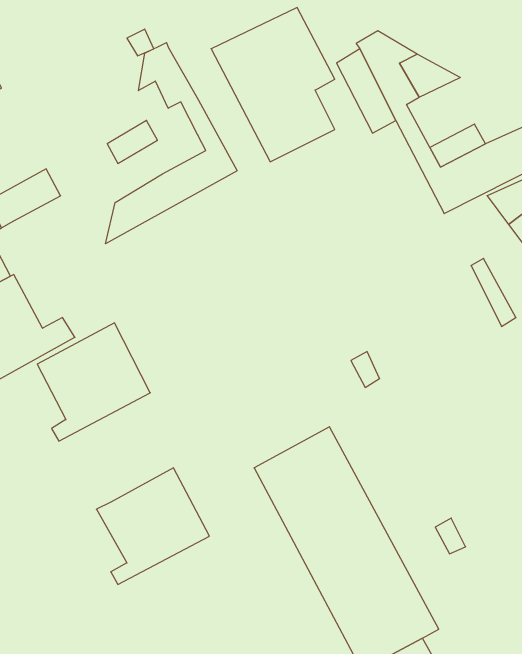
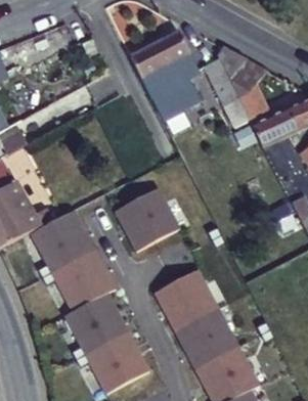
building: [106,43,237,244] -> none
building: none -> [115,188,180,253]
building: none -> [43,251,116,313]
building: none -> [77,332,149,395]

